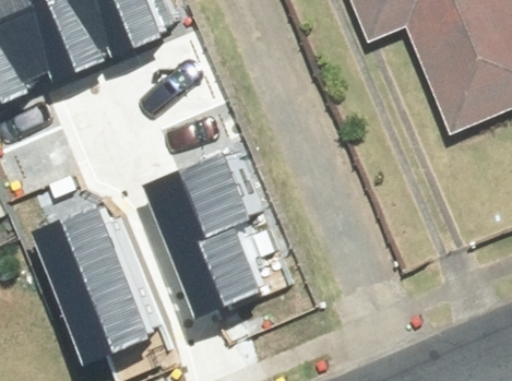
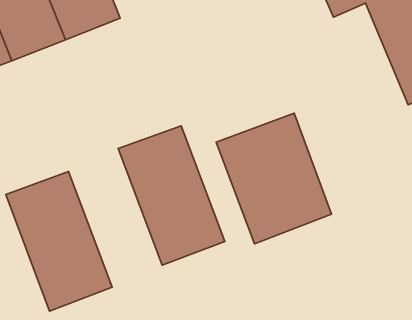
building: none -> [216,113,332,244]

